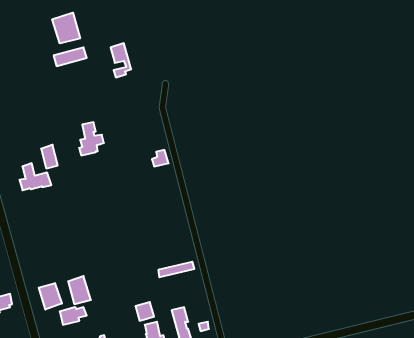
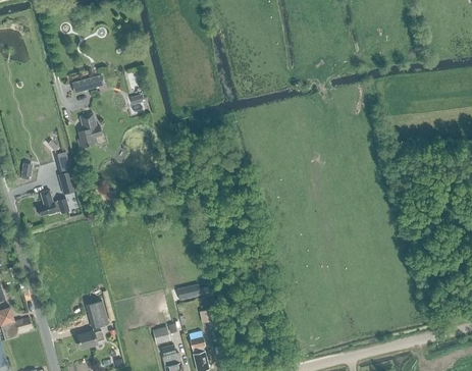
building: [52,13,80,43] -> none
building: [79,122,104,155] -> [76,114,101,147]
building: [39,283,62,310] -> none

